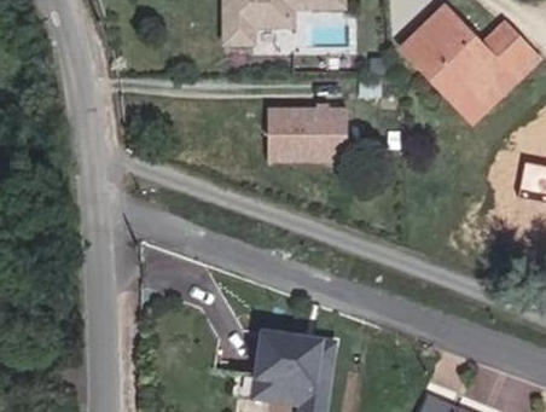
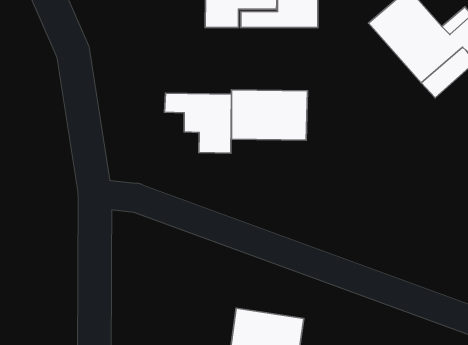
building: none -> [165,93,232,153]

